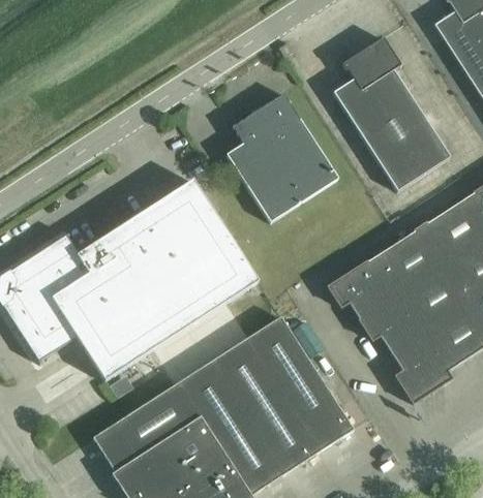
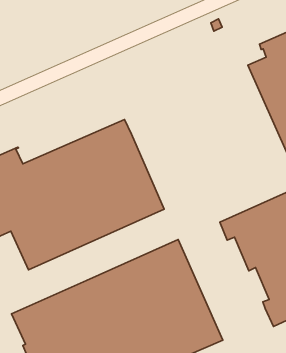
building: [225,93,338,221] -> none

